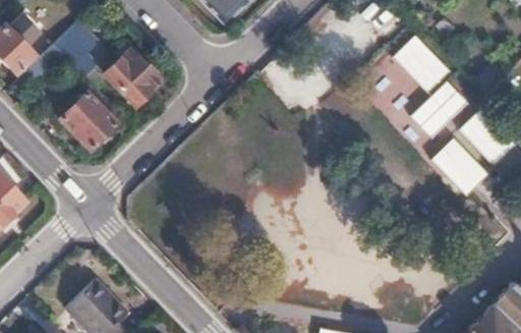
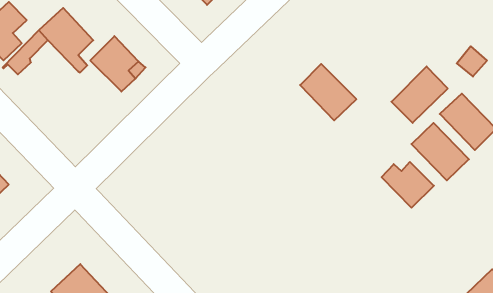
building: [393,35,450,92] -> [300,64,356,120]
building: [59,87,117,151] -> none
building: none -> [382,162,434,208]

